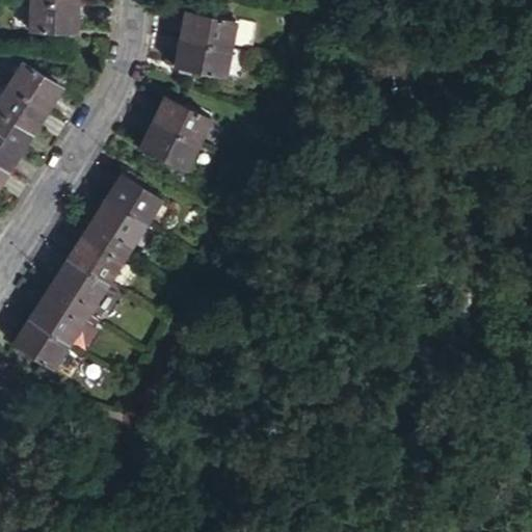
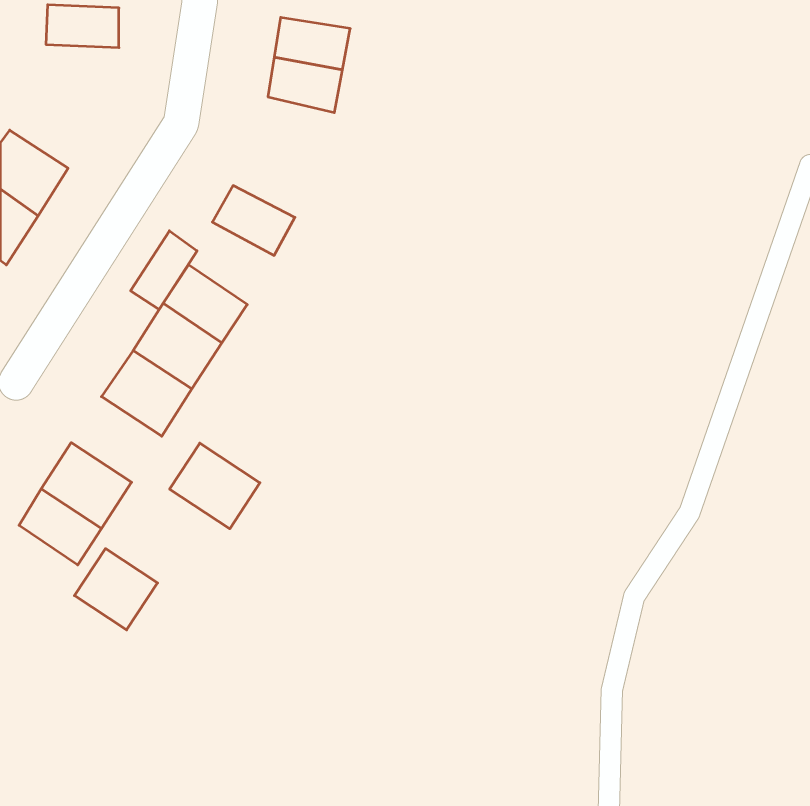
building: [6,64,60,113] -> none
building: [153,99,207,145] -> none
building: none -> [131,231,197,310]
building: [47,263,106,319] -> [170,443,260,529]
building: none -> [74,549,158,630]

